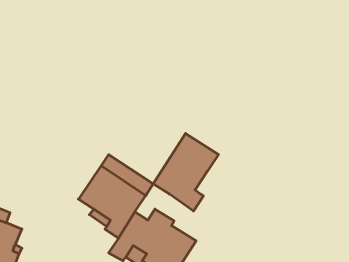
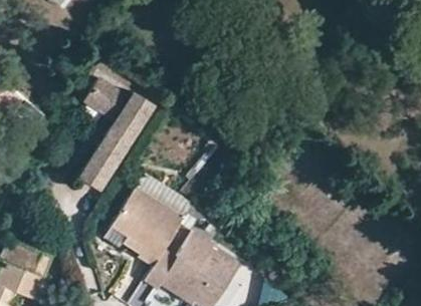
building: none -> [78,81,153,193]
building: [153,133,218,211] -> none

